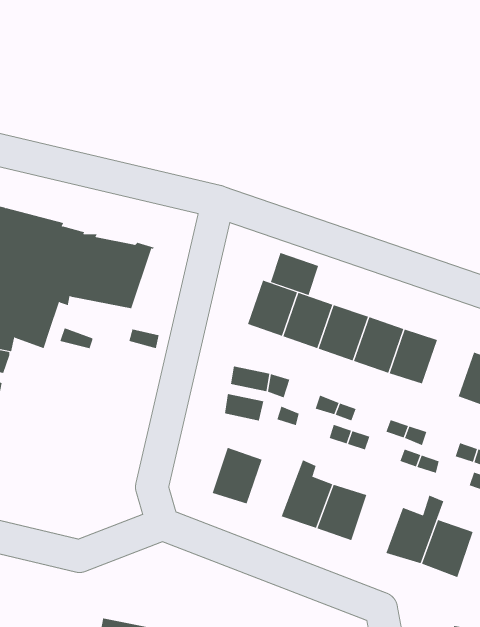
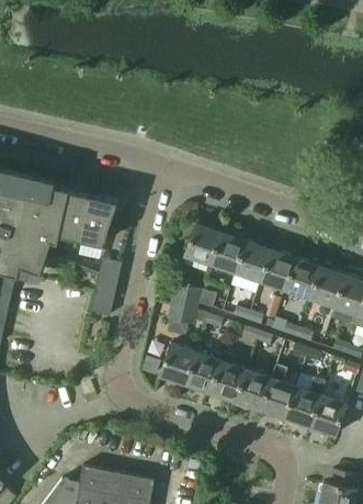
building: [270,252,319,296] -> none
building: none -> [310,267,347,307]
building: none -> [91,275,118,316]
building: none -> [185,352,222,393]
building: none -> [260,365,296,419]

